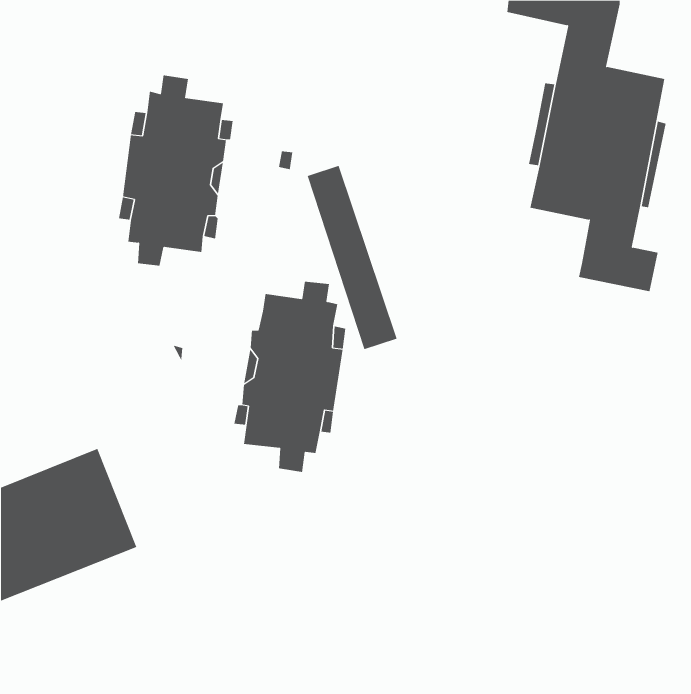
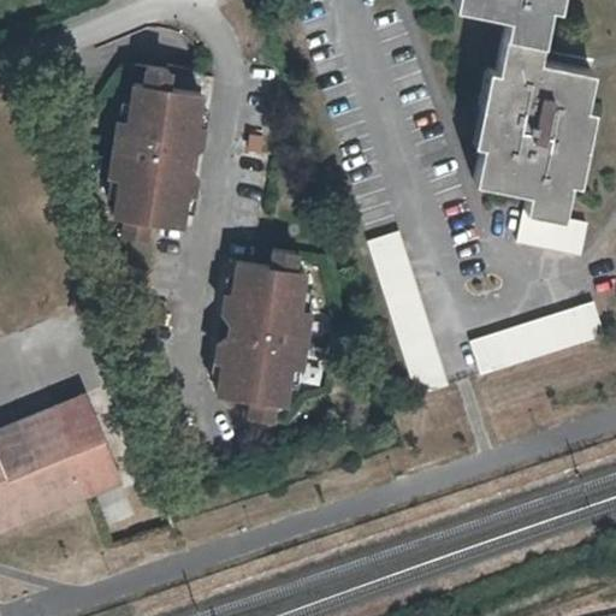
building: [307,165,398,350] -> [372,229,452,392]
building: none -> [473,300,608,373]

